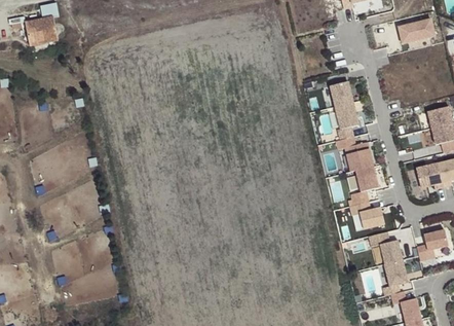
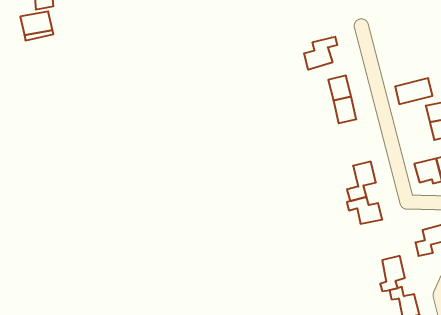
building: [399,19,436,44] -> [395,78,432,104]
building: none -> [304,37,337,70]
building: [336,137,373,172] -> none
building: [368,231,402,264] -> none

